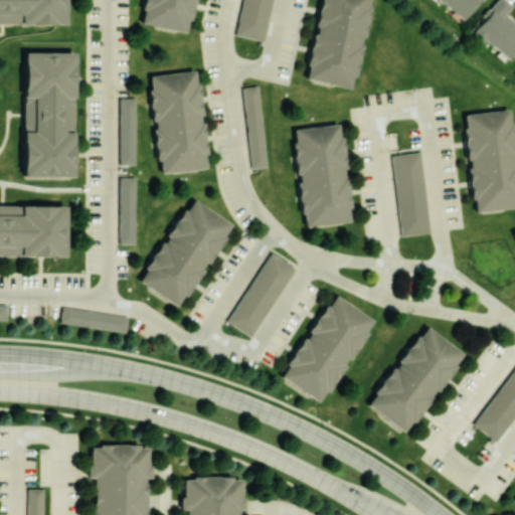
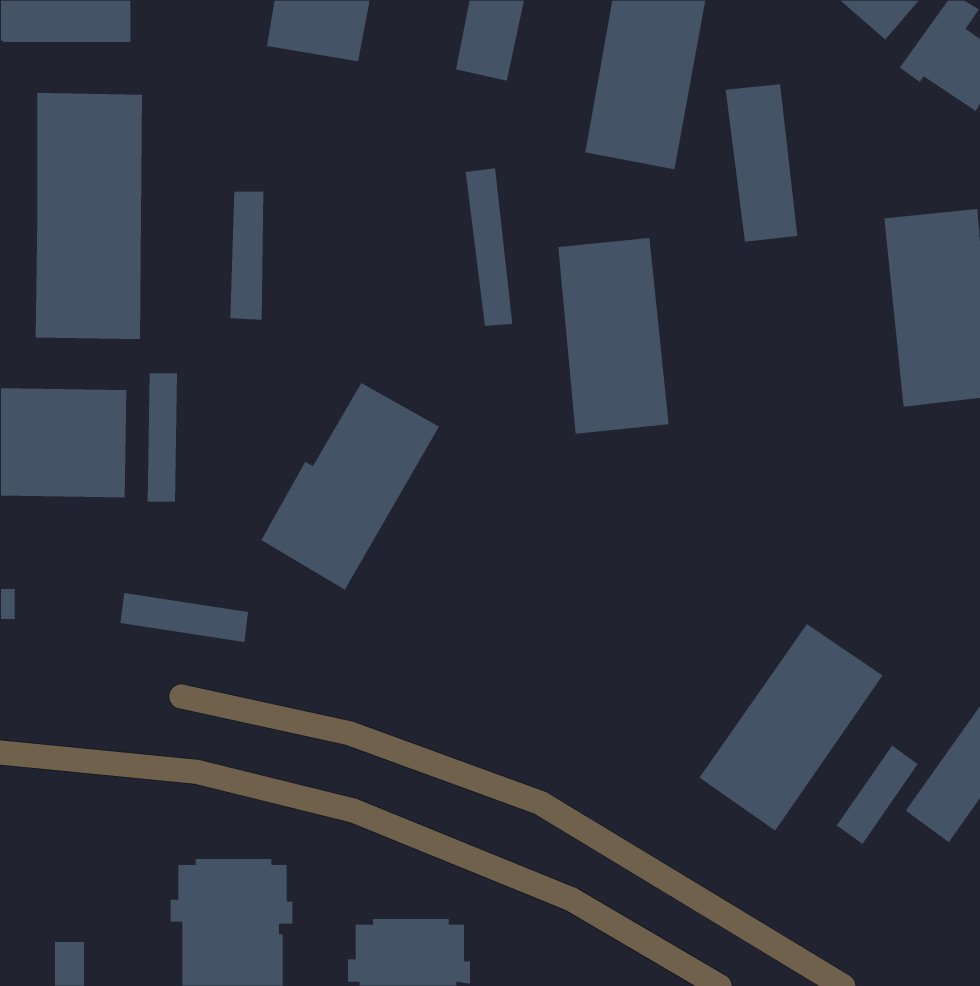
building: [150,70,209,173] -> none
building: [395,155,434,237] -> [725,84,798,242]
building: [124,179,140,246] -> [147,373,178,502]
building: [230,255,299,338] -> none
building: [282,294,374,402] -> none
building: none -> [836,745,919,845]

